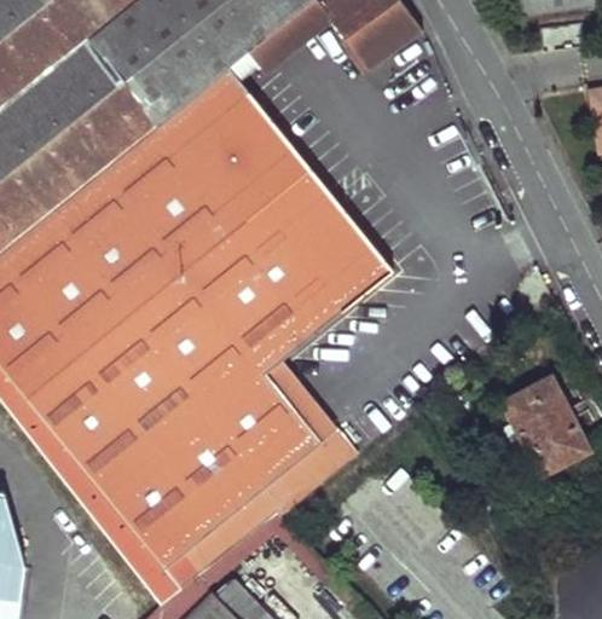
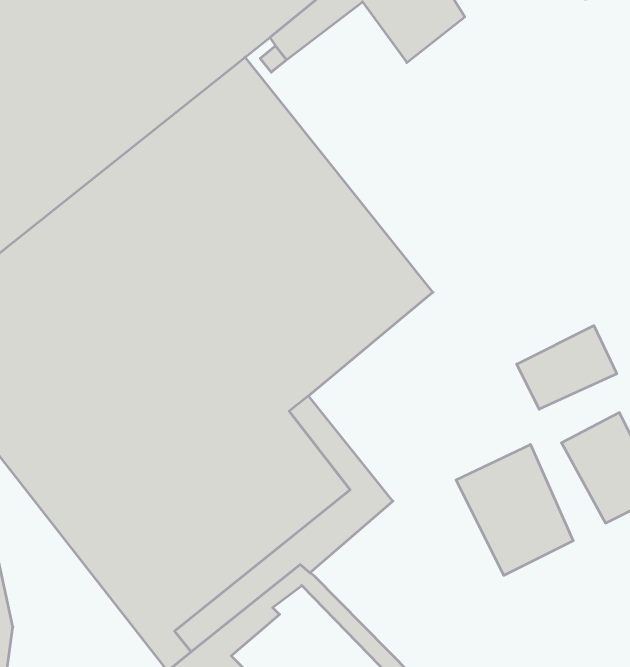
building: none -> [517,326,617,409]
building: none -> [456,444,573,575]

